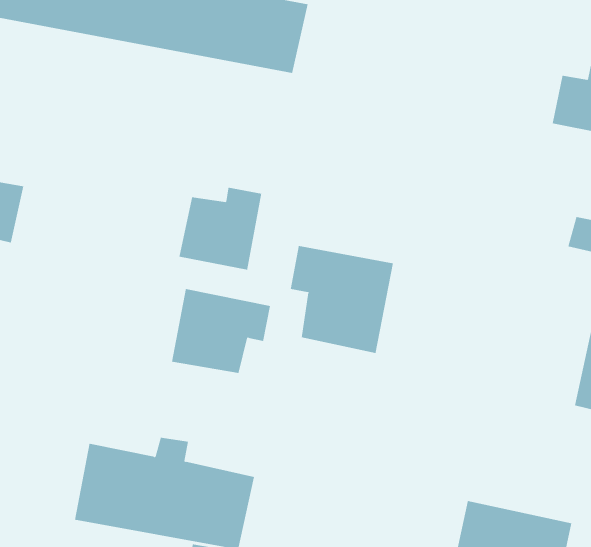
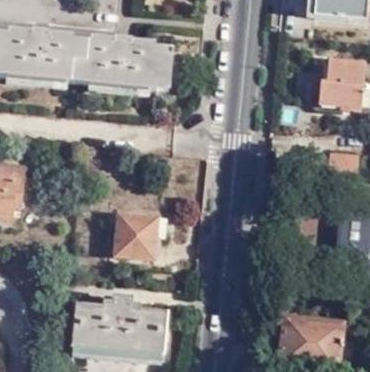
building: [179,187,262,270] -> none
building: [290,245,393,354] -> none

